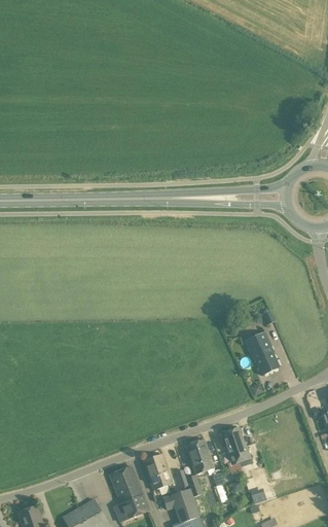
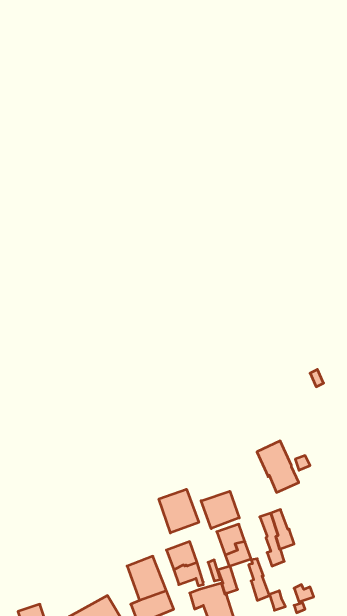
building: [246,332,281,376] -> [257,441,299,492]
building: none -> [159,489,199,533]
building: none -> [201,491,239,529]

